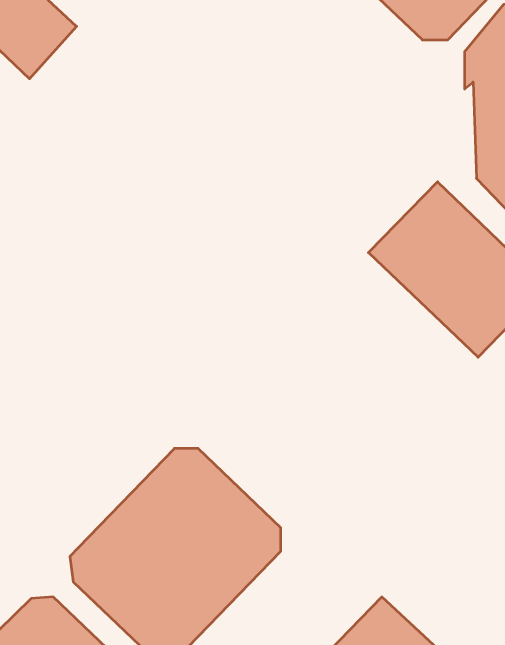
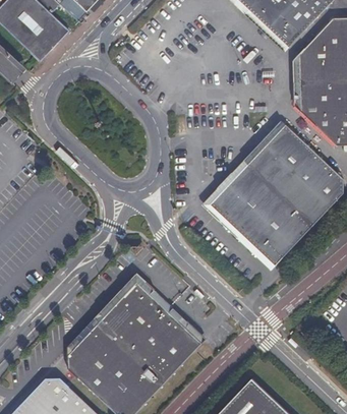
building: none -> [209,167,310,268]

